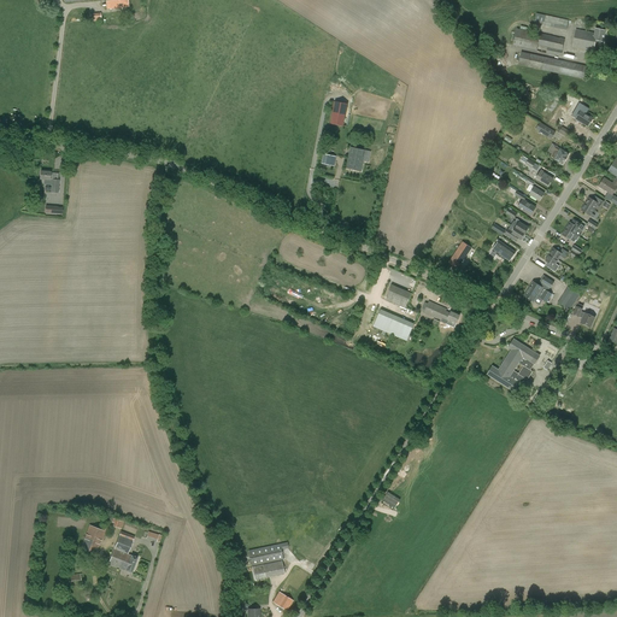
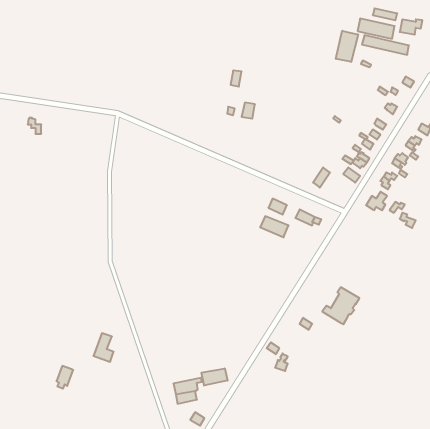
building: none -> [336,31,358,62]
building: [487,339,540,392] -> [322,287,359,324]
building: none -> [201,368,228,386]
building: [108,530,137,571] -> [93,333,114,362]

